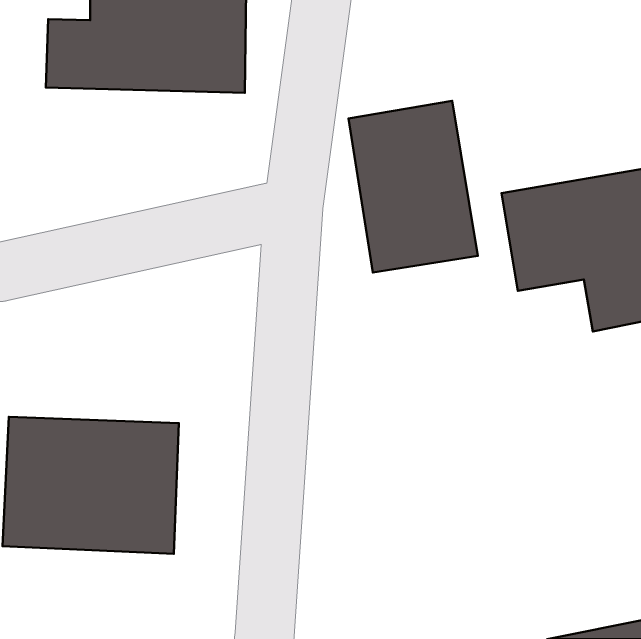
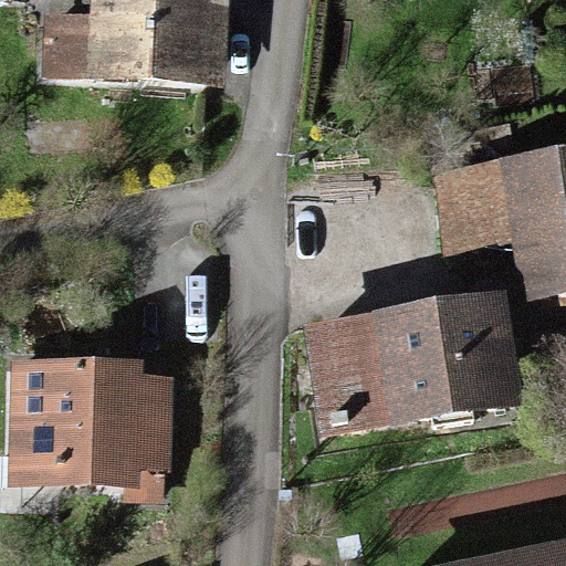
building: [348,101,478,273] -> none
building: none -> [315,292,514,433]

